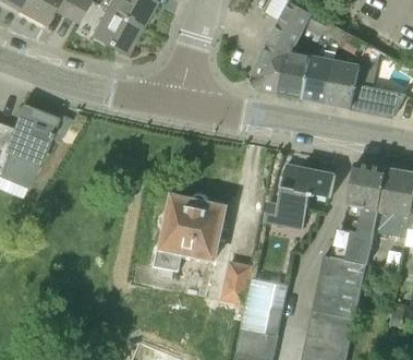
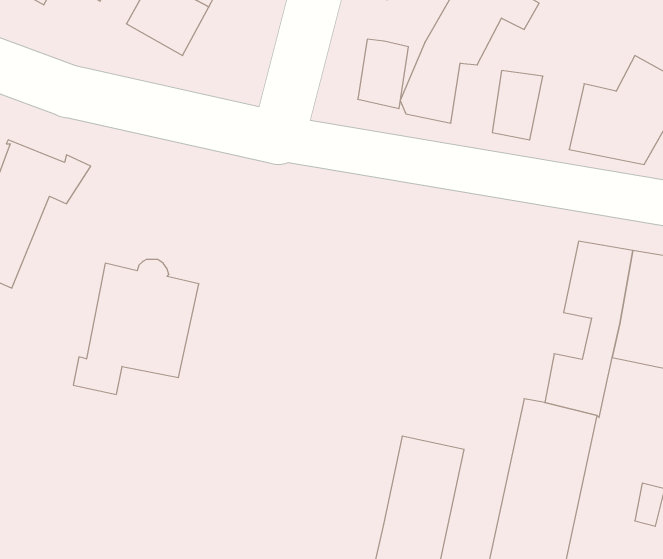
building: [281,59,311,99] -> [358,39,408,109]
building: [327,67,359,109] -> none
building: [264,165,336,228] -> none
building: [154,193,227,272] -> [73,259,199,394]
building: [219,259,253,304] -> none

